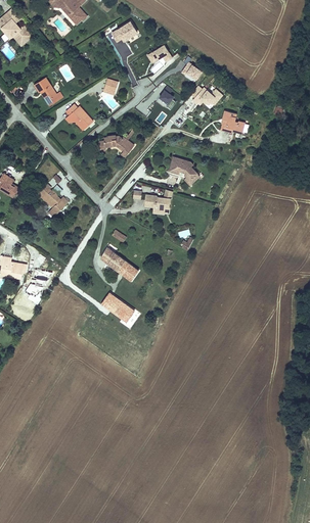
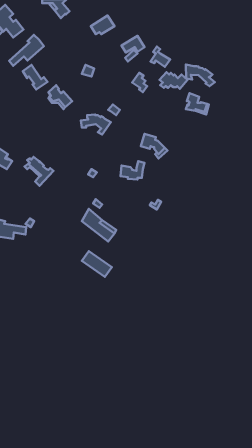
building: none -> [9,35,44,66]
building: none -> [186,65,215,86]

